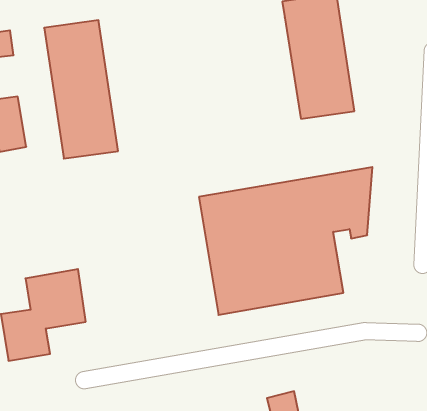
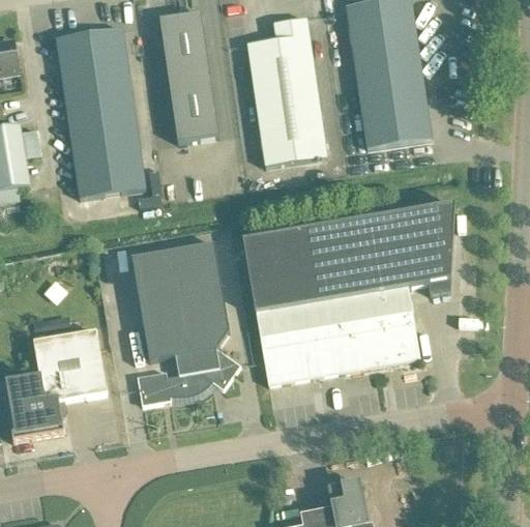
building: none -> [158,10,218,141]
building: none -> [246,17,326,165]
building: none -> [130,241,239,403]

